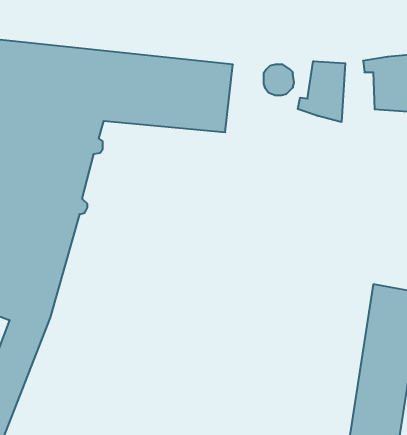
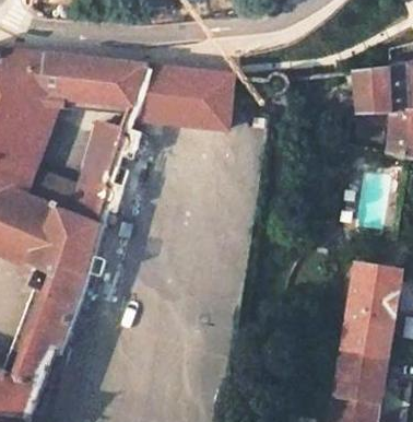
building: [298,61,345,122] -> none

